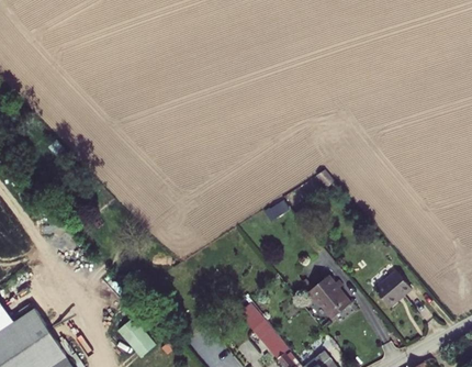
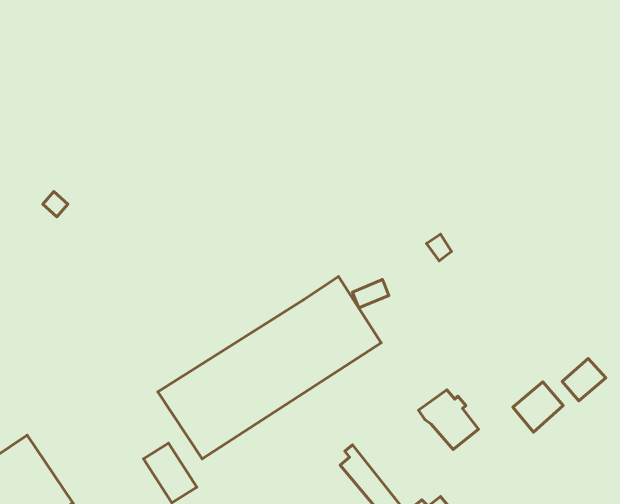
building: none -> [158,276,381,459]
building: none -> [562,359,606,401]

